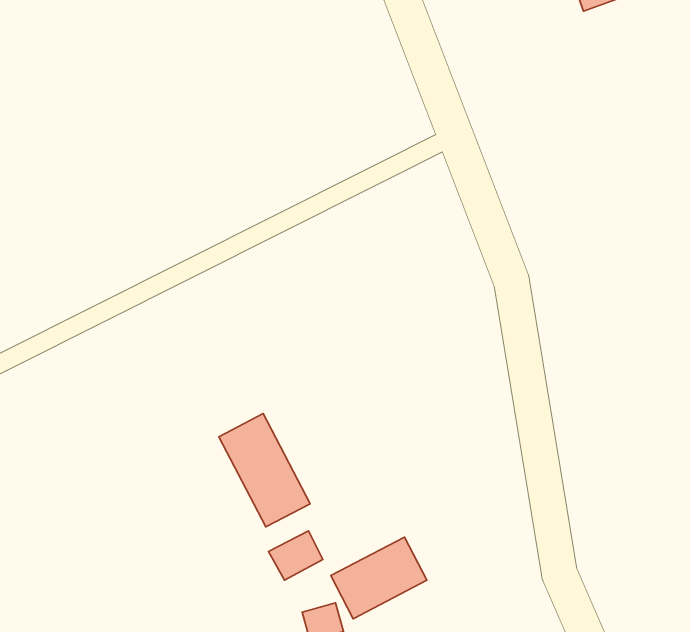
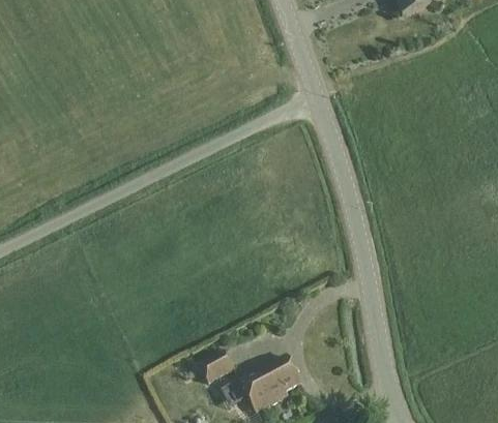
building: [219,413,310,527] -> none

